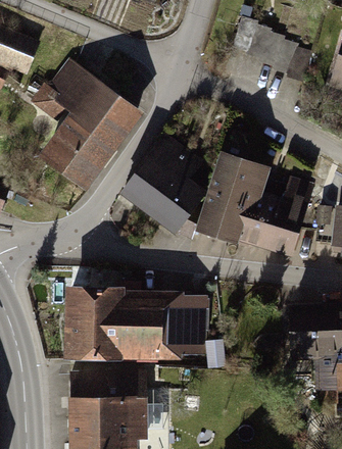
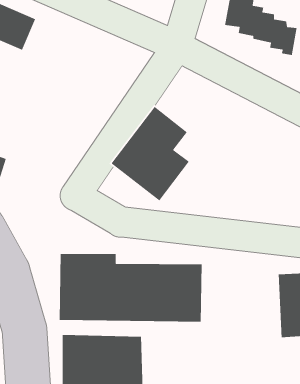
building: [31,58,140,191] -> none
building: [188,154,309,254] -> none

